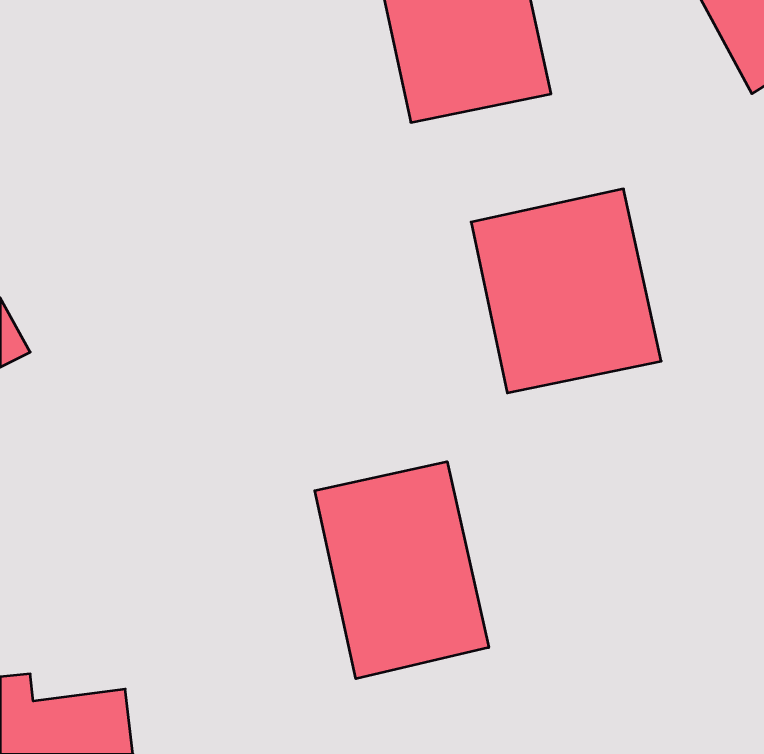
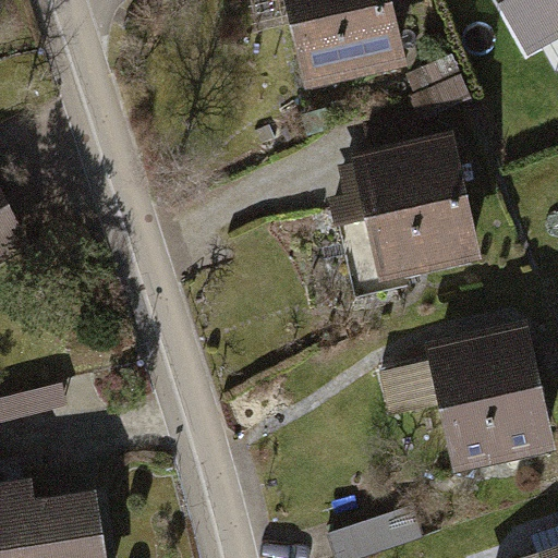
building: none -> [413,310,551,472]
building: [315,462,489,679] -> none

